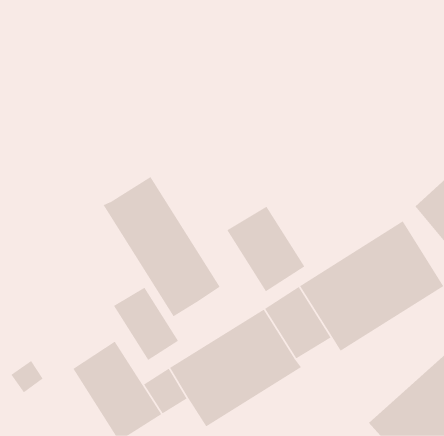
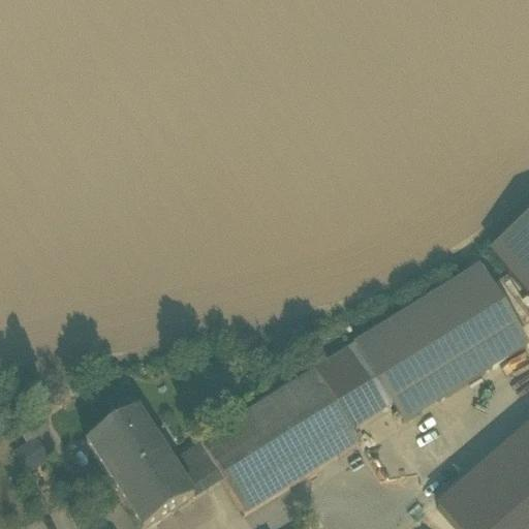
building: [103,176,220,317] -> none
building: [227,206,305,292] -> none
building: [113,287,179,361] -> none

